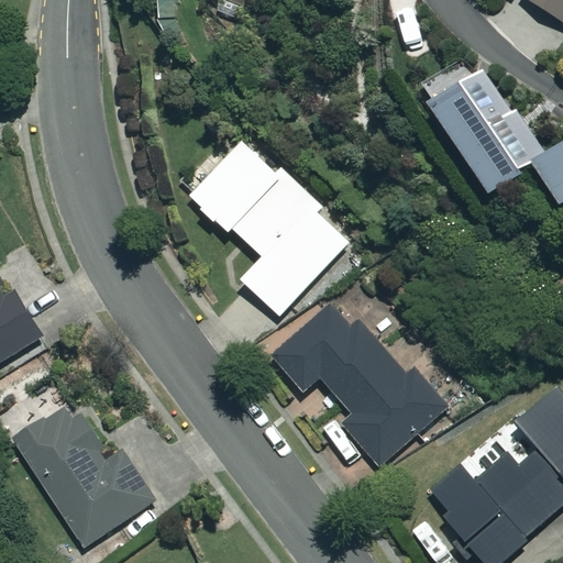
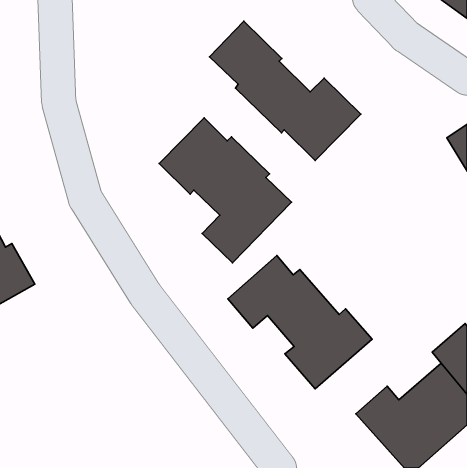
building: none -> [210,21,361,160]
building: [431,69,542,191] -> none
building: [15,402,156,547] -> none

